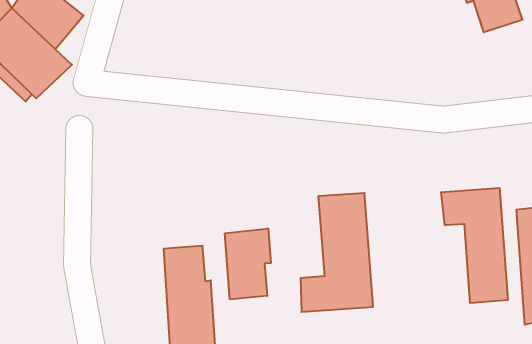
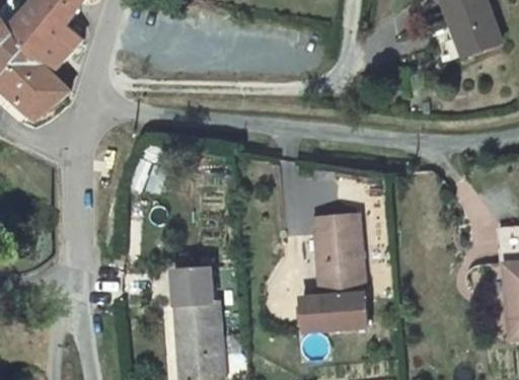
building: [441,188,508,303] -> none
building: [225,228,271,299] -> none

